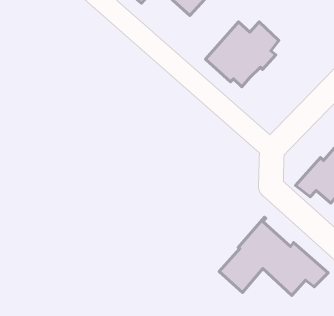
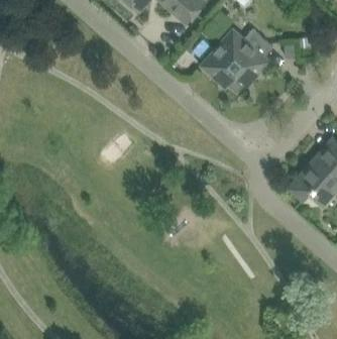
building: [219,217,328,295] -> none

